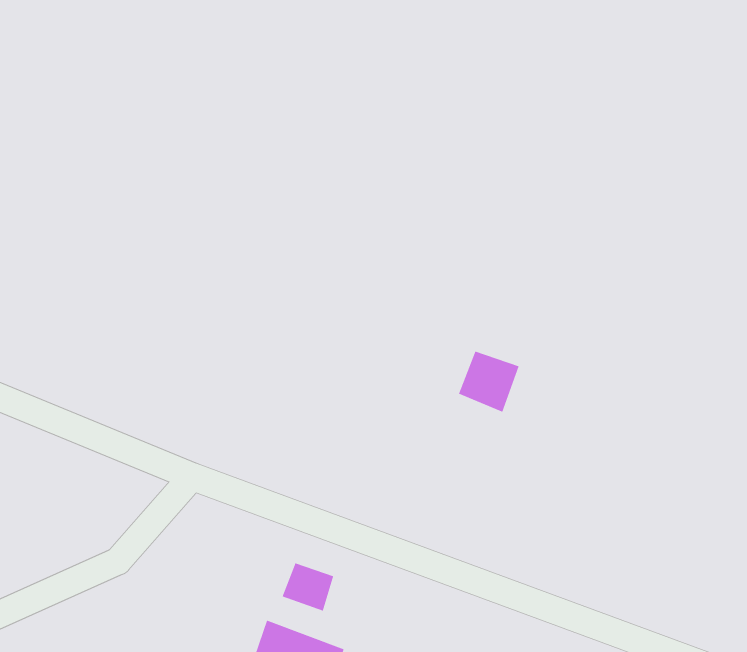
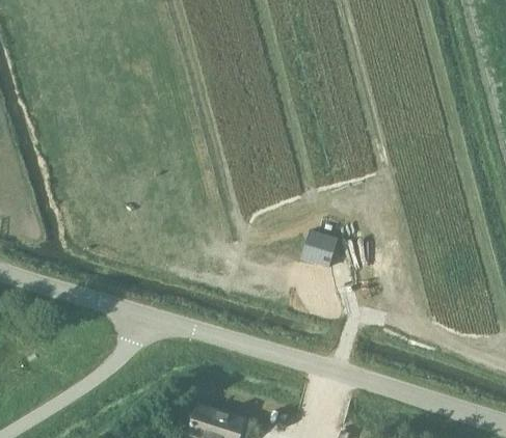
building: [282,563,334,612] -> none

